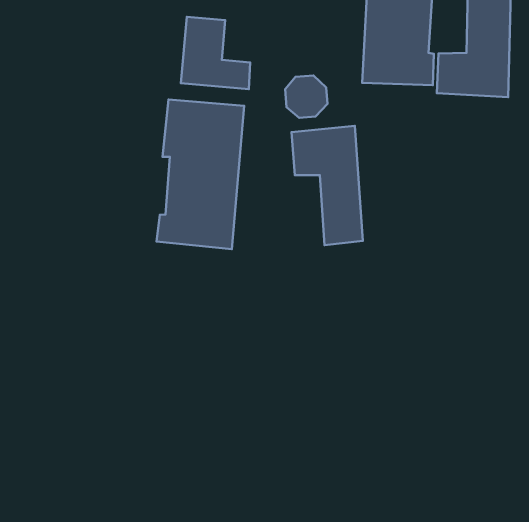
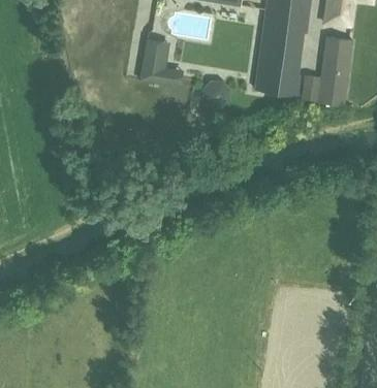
building: [157,99,244,249] -> none
building: [291,126,363,245] -> none

